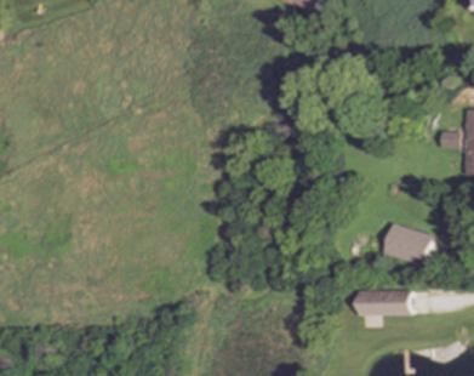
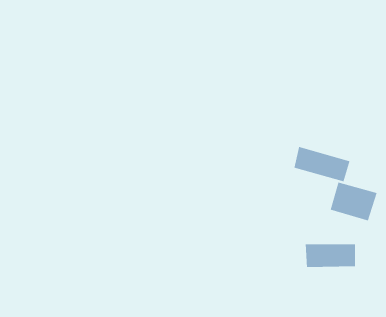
building: none -> [294,146,350,182]

